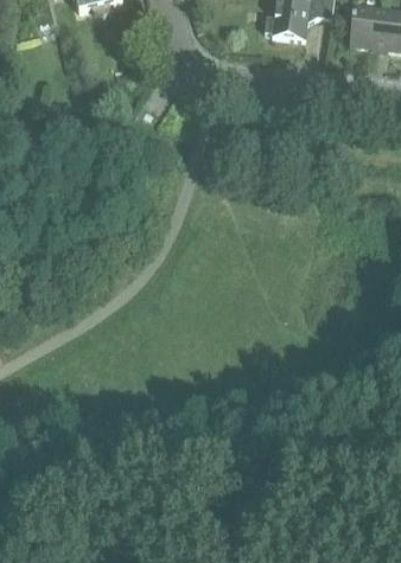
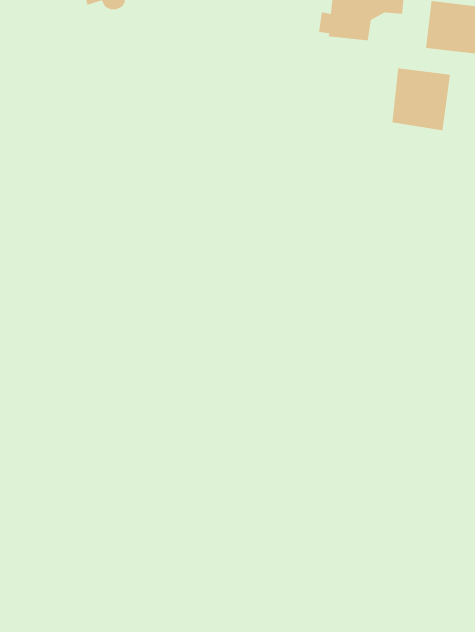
building: none -> [391,67,451,131]

